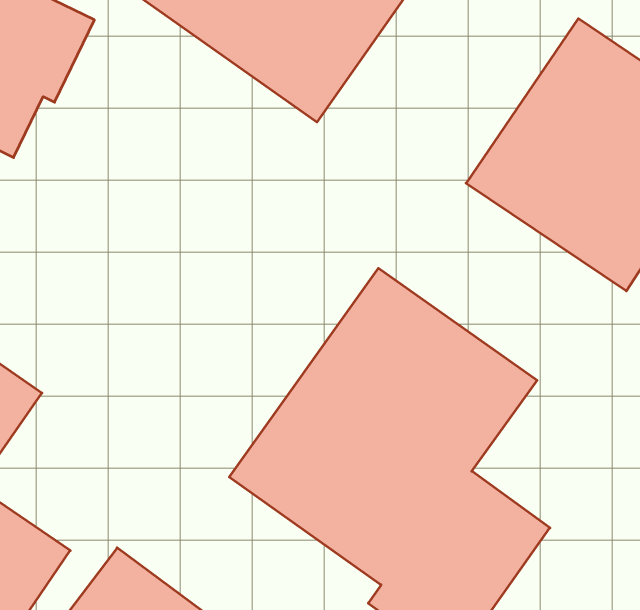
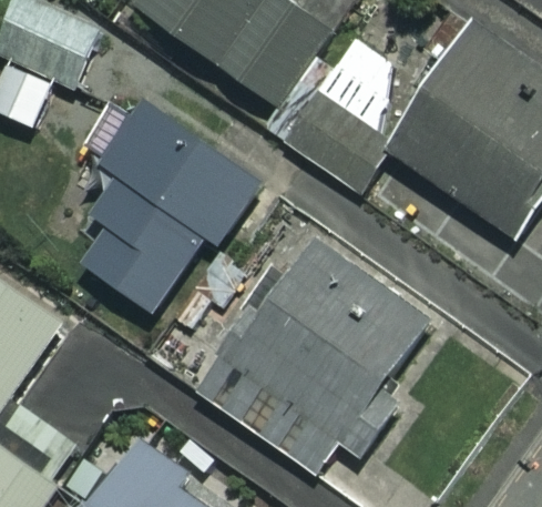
building: none -> [263,42,403,193]
building: none -> [76,114,252,316]

